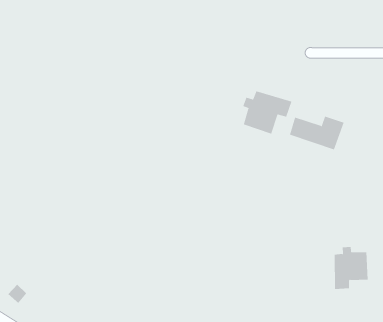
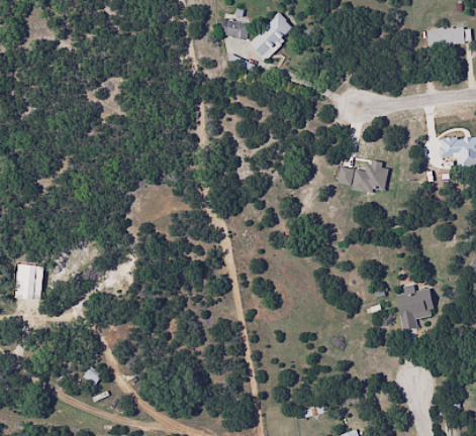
building: [243,90,292,135] -> none

